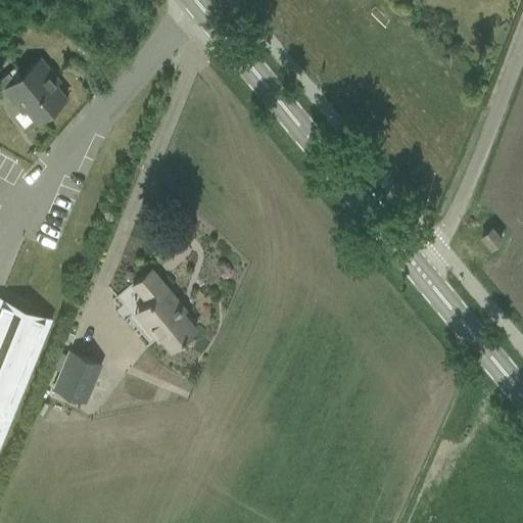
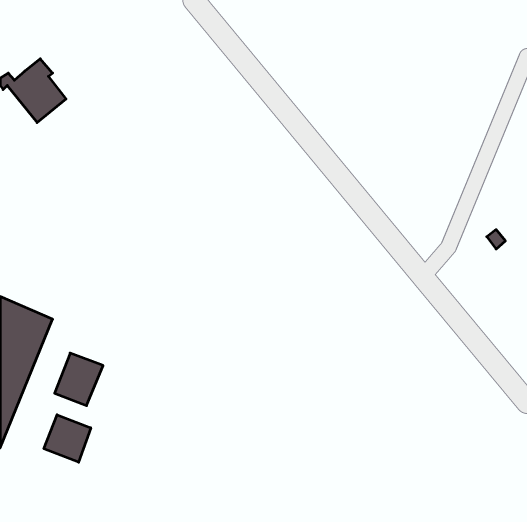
building: [131,272,195,353] -> none
building: none -> [44,415,91,462]

